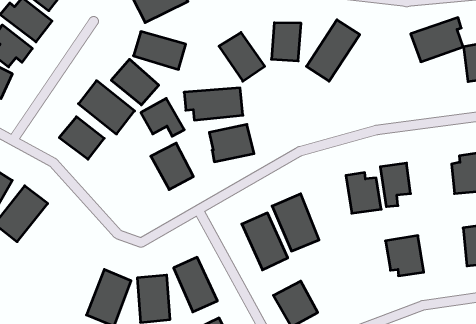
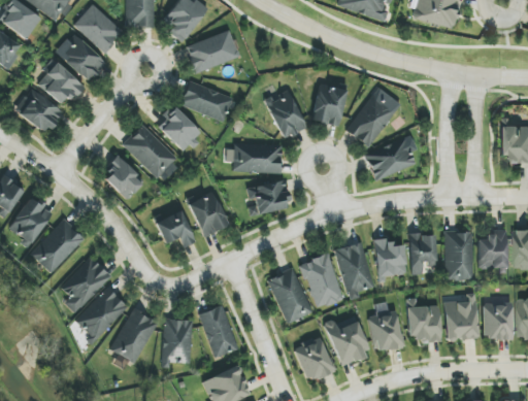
building: [411,18,463,62] -> [365,139,415,178]
building: [141,98,184,136] -> [155,210,195,247]
building: none -> [443,230,473,279]
building: none -> [334,242,374,300]
building: none -> [443,293,477,341]
building: none -> [61,258,110,313]
building: none -> [368,311,401,352]
building: none -> [75,288,128,339]
building: none -> [324,316,369,365]

